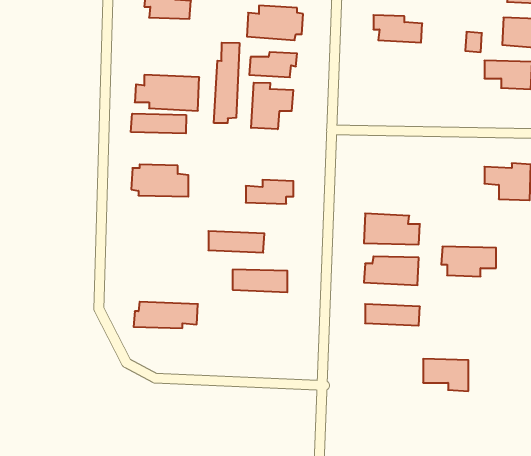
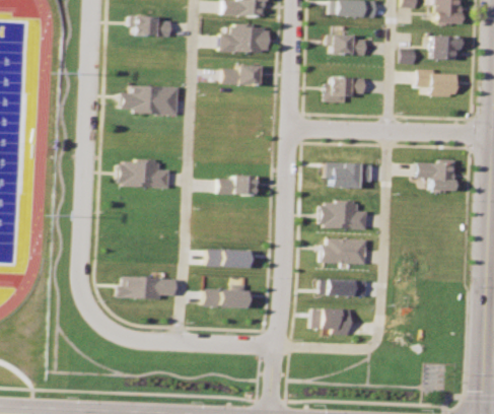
building: [214,43,239,123] -> none
building: none -> [323,77,363,102]
building: [251,83,293,129] -> none
building: [131,114,186,133] -> none
building: [208,231,264,253] -> [204,290,252,308]
building: [441,247,496,276] -> [324,163,370,189]
building: [423,359,468,391] -> [311,308,350,336]

